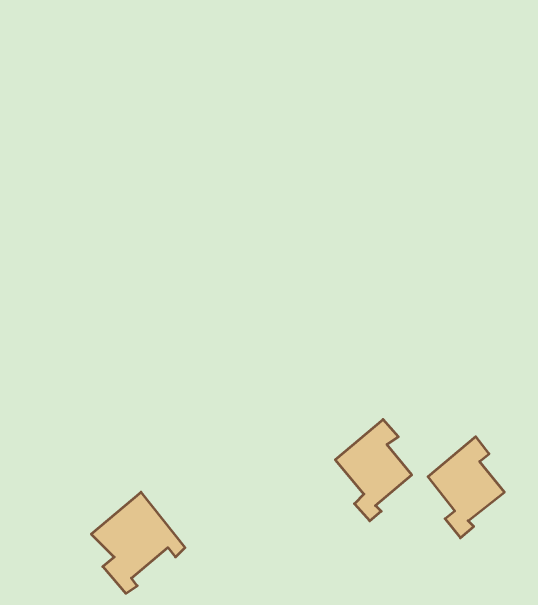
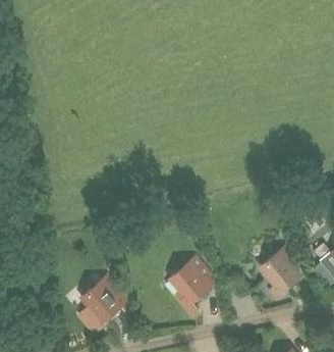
building: [335,419,412,521] -> [169,257,210,311]

